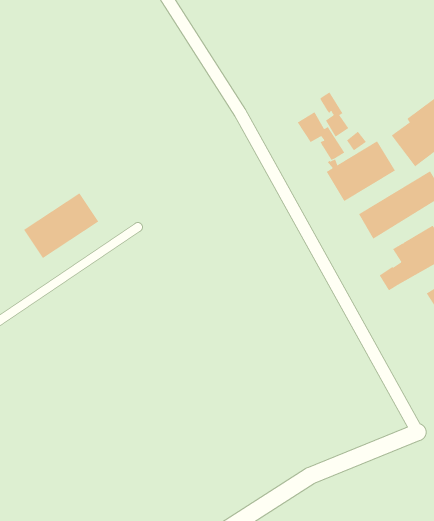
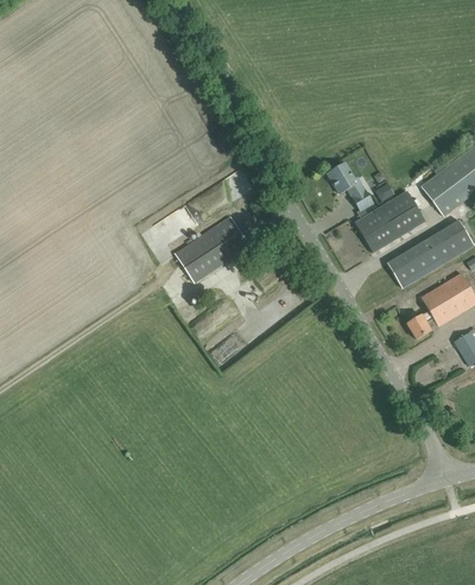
building: [319,92,349,137] -> none
building: [23,192,99,259] -> [175,216,249,281]

